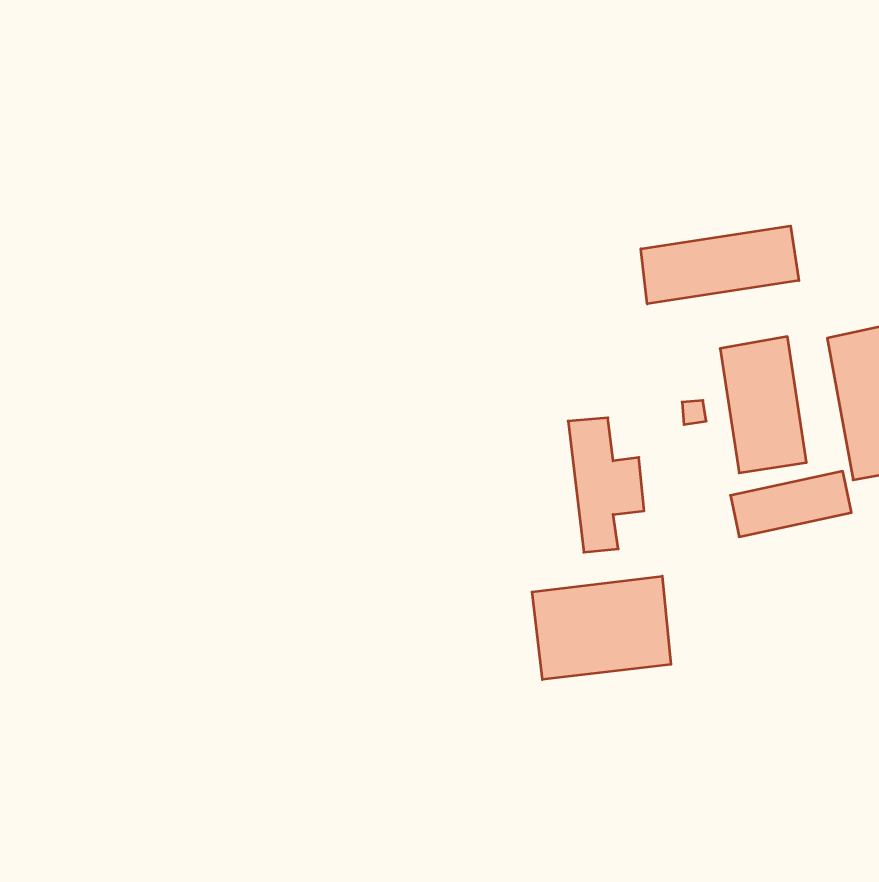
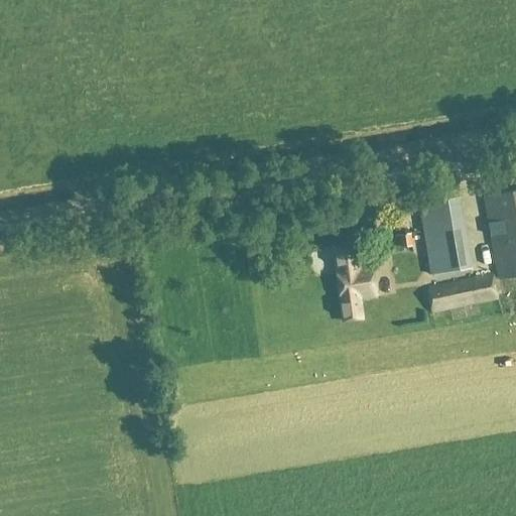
building: [641,226,799,304] -> none
building: [532,576,671,680] -> none

